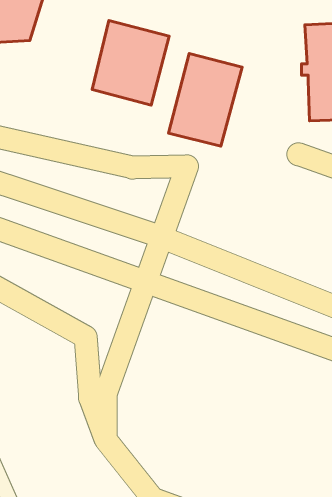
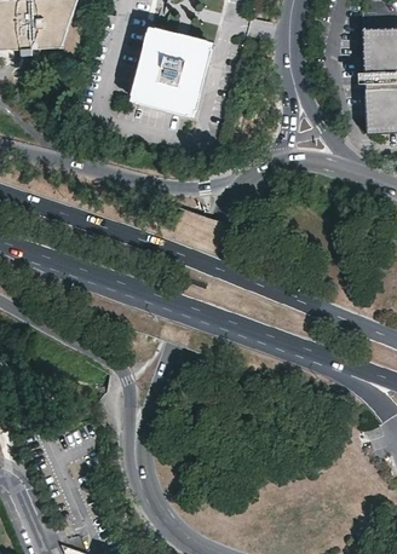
building: [169,54,242,146] -> none

